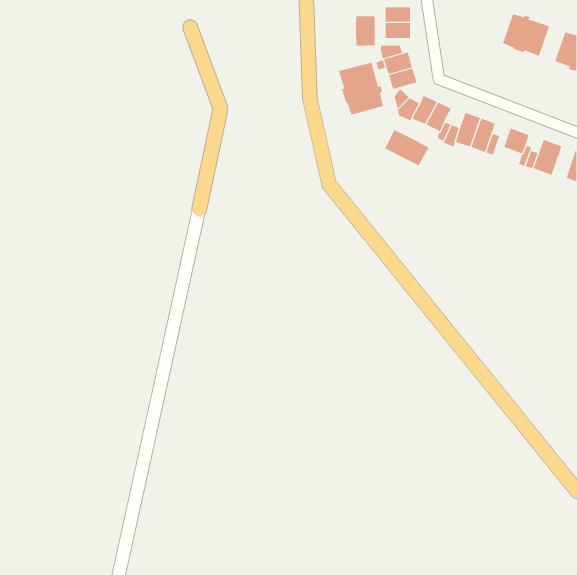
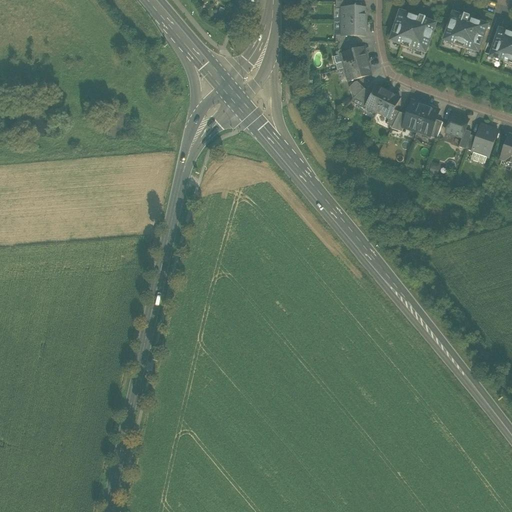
building: none -> [390,11,434,51]
building: [356,15,375,46] -> none
building: [338,62,384,115] -> none
building: [385,129,430,166] -> none

